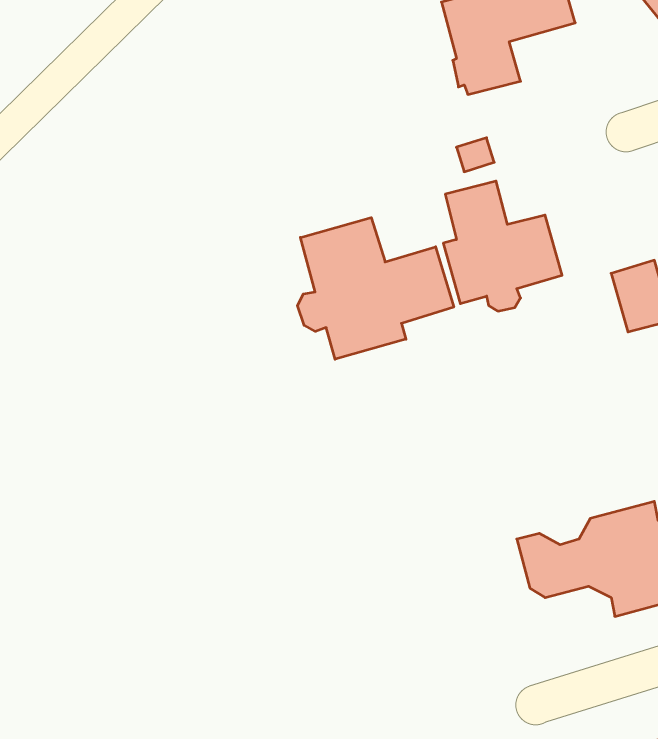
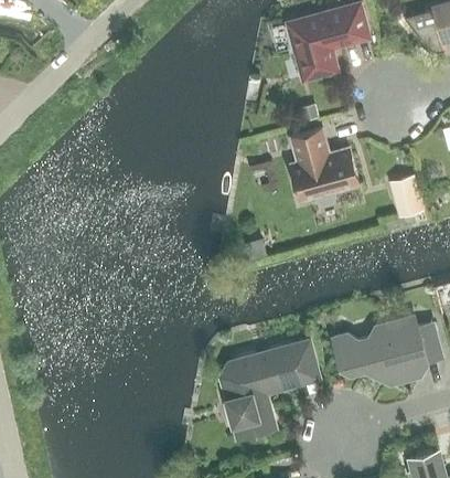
building: [297,218,454,359] -> none
building: none -> [222,342,319,438]

